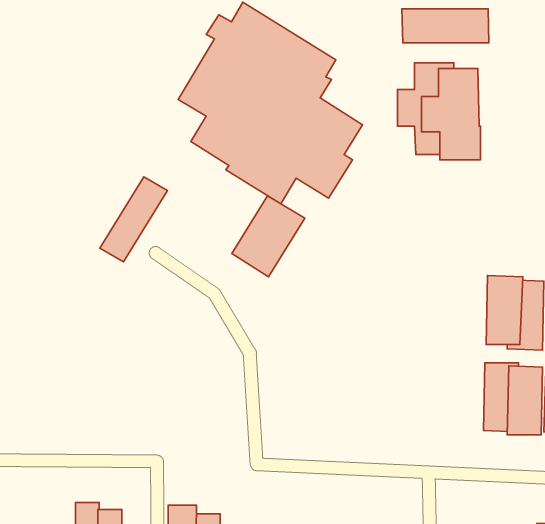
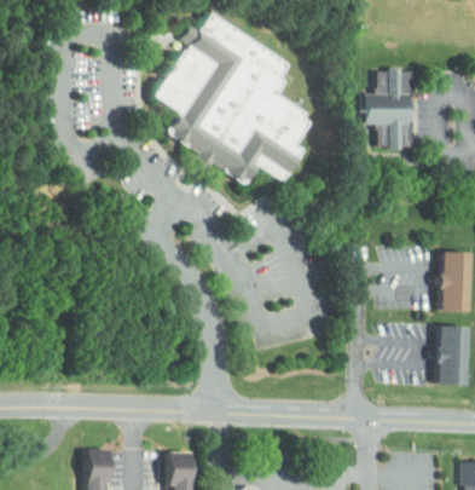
building: [402,9,489,43] -> none
building: [100,177,167,262] -> none
building: [232,196,305,277] -> none

